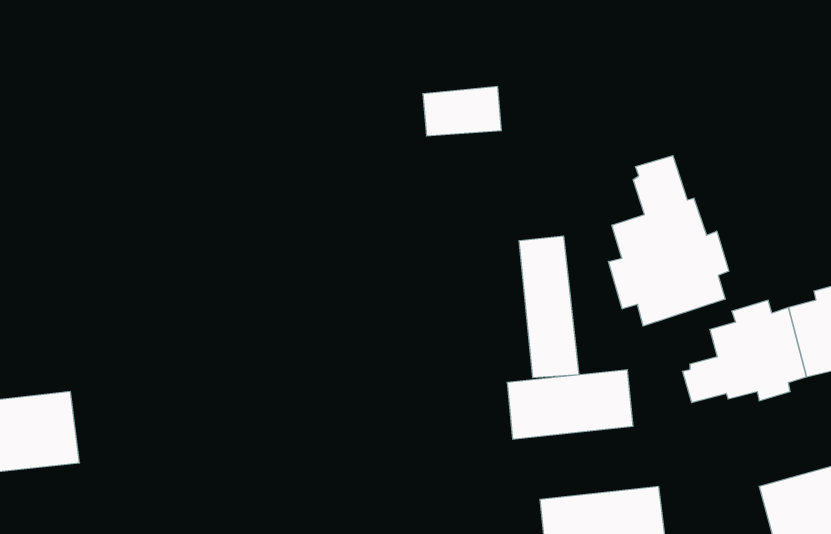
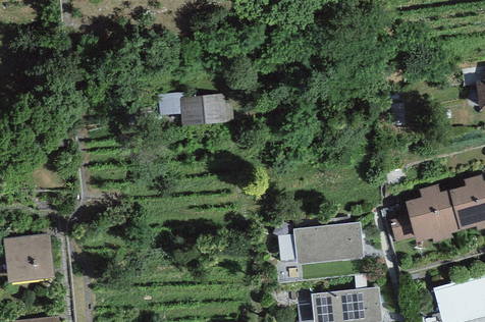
building: [423,87,501,136] -> [180,95,224,122]
building: [608,156,729,326] -> none
building: [519,236,579,378] -> none

